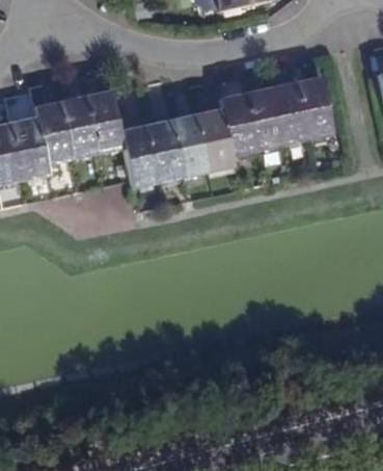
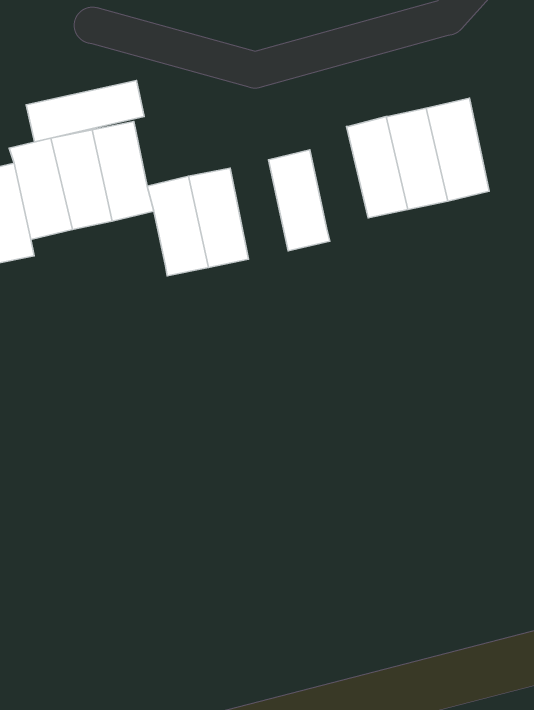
building: none -> [26,81,144,142]
building: [220,93,258,156] -> none
building: [172,113,209,176] -> none

